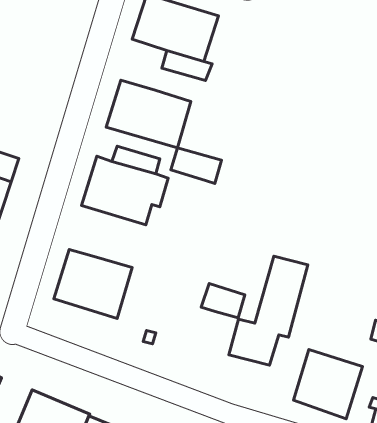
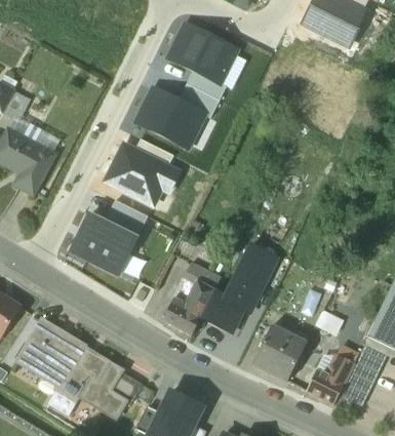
building: [171,148,221,184] -> [179,83,220,116]
building: none -> [106,199,148,236]
building: none -> [162,281,214,334]

